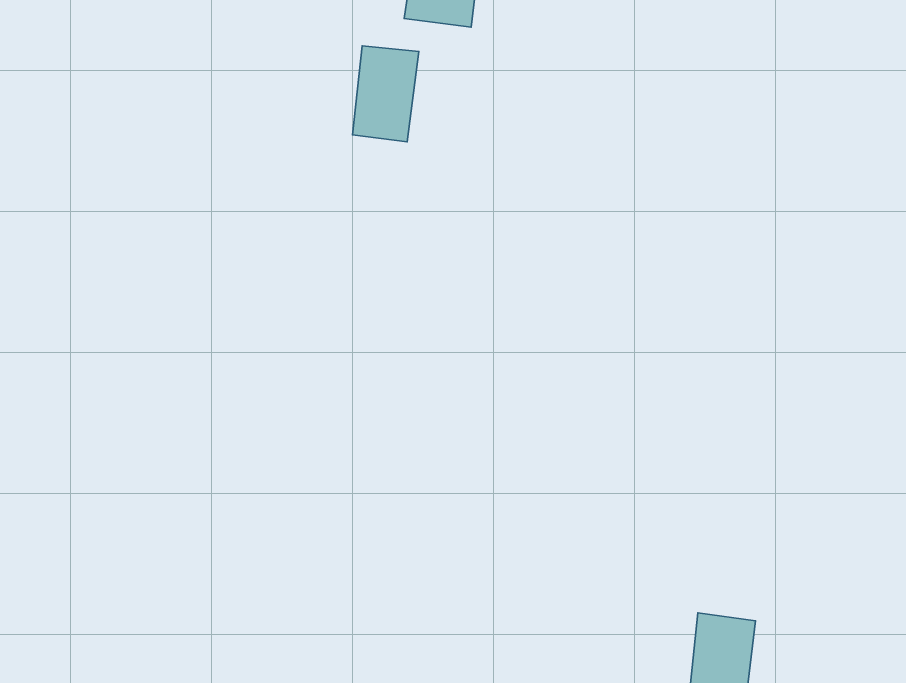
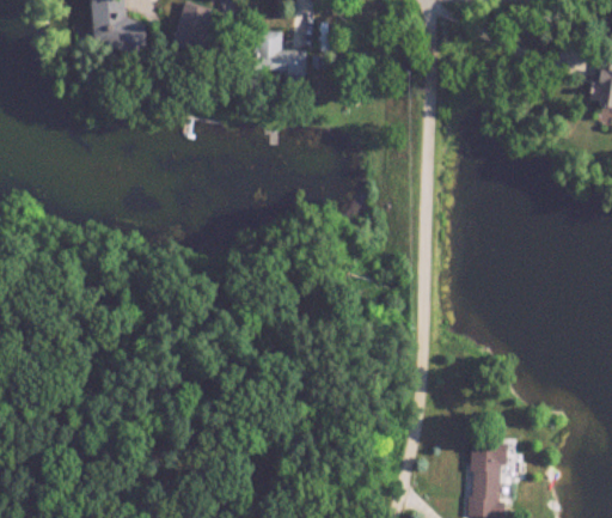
building: [352,46,419,142] -> none

